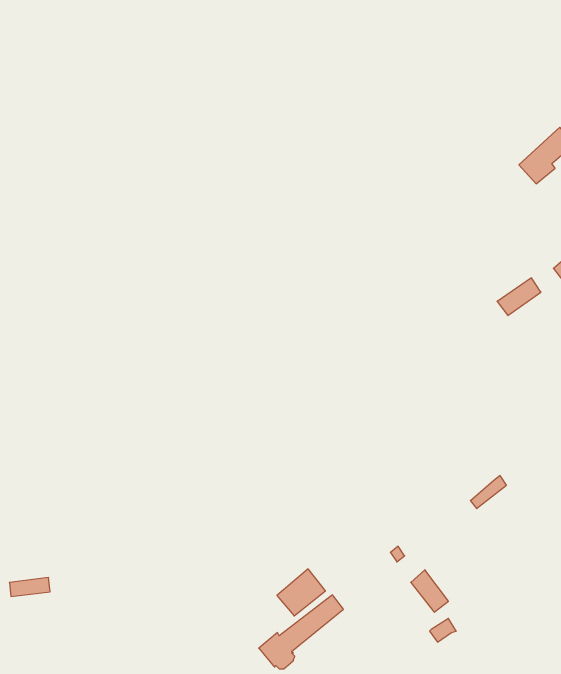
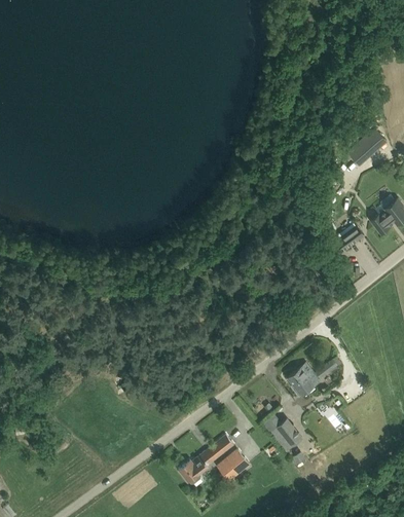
building: none -> [286,363,320,396]
building: [277,569,325,616] -> [217,450,249,481]

